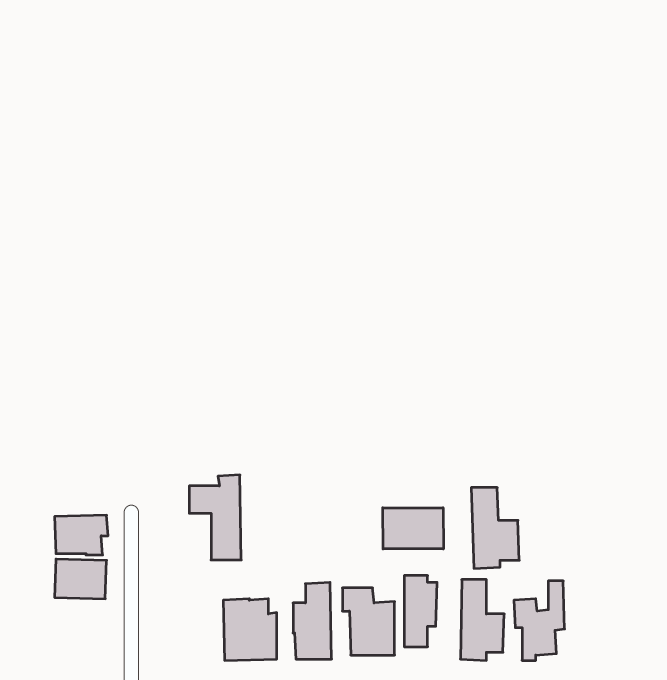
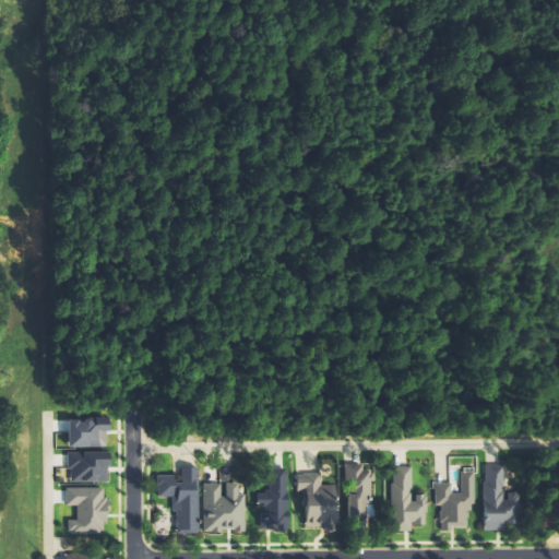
building: [189,475,241,560] -> [157,465,199,533]
building: [471,488,519,568] -> [483,465,521,530]
building: [383,508,443,549] -> none
building: none -> [66,487,107,533]

